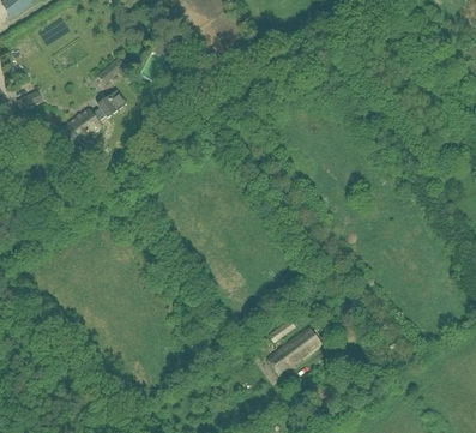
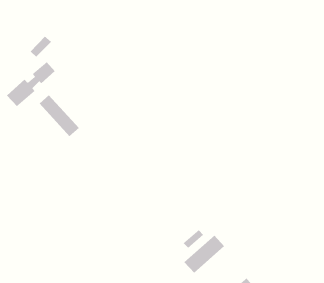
building: none -> [39,94,80,137]

